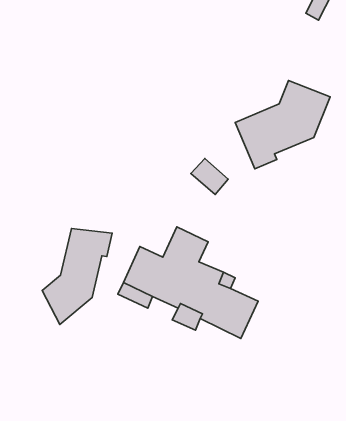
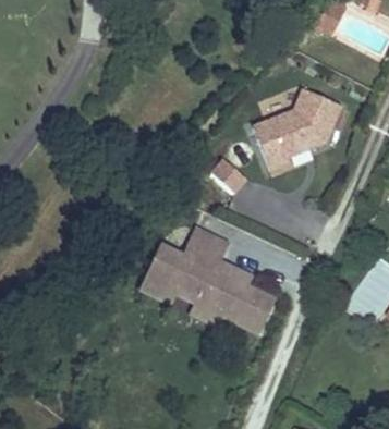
building: [42,228,112,325] -> none

